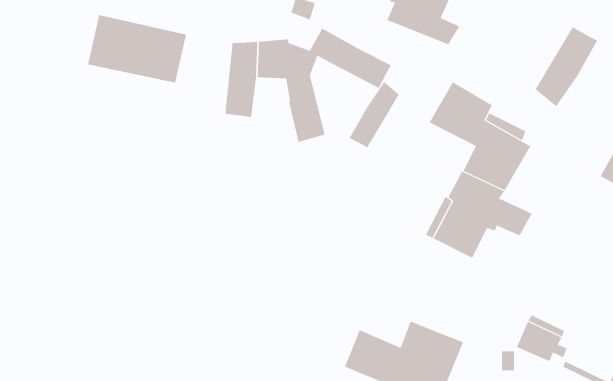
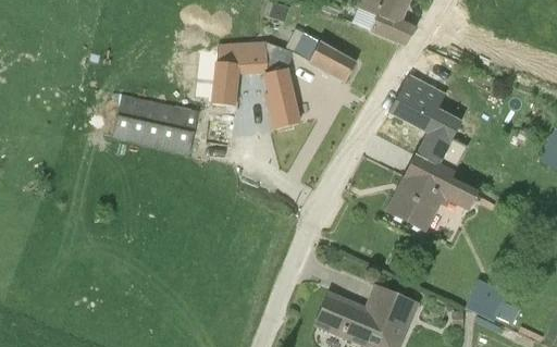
building: [87,14,187,83] -> [112,95,199,154]
building: [535,26,598,107] -> none
building: [349,81,399,148] -> none

